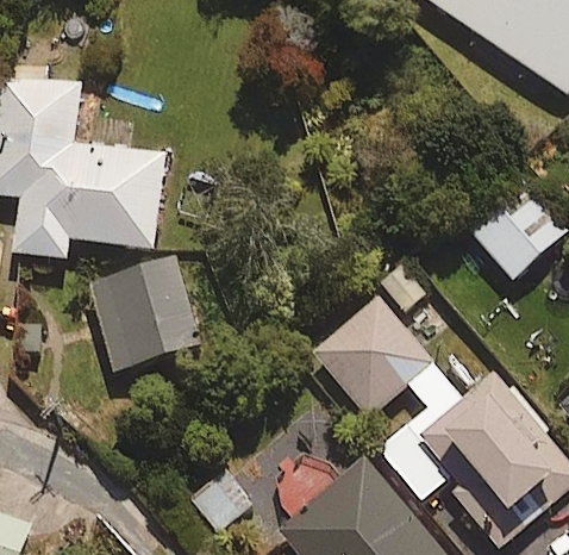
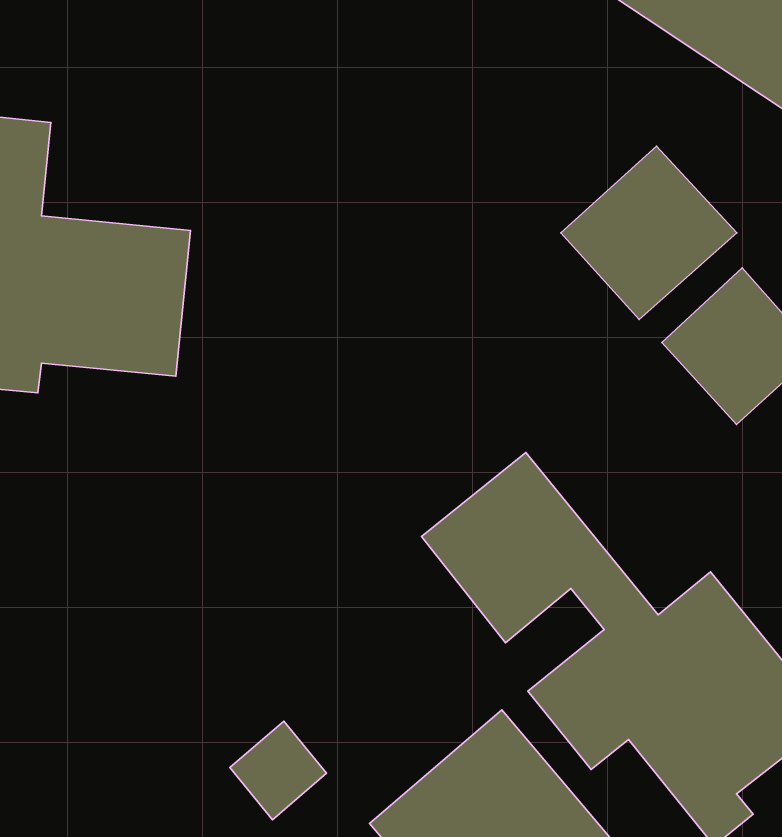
building: none -> [561,146,737,319]
building: [90,258,200,369] -> none

